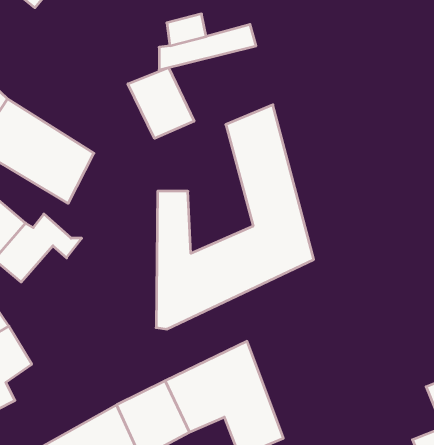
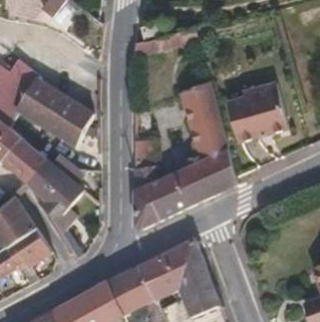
building: [128,68,194,138] -> none
building: none -> [229,84,290,143]
building: none -> [39,175,82,234]

